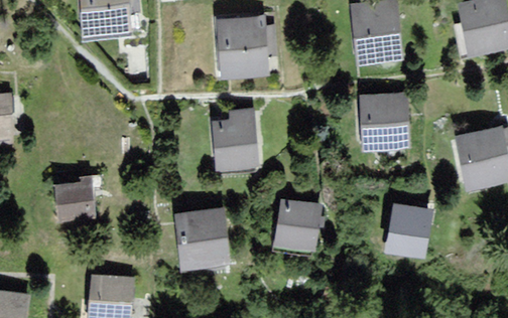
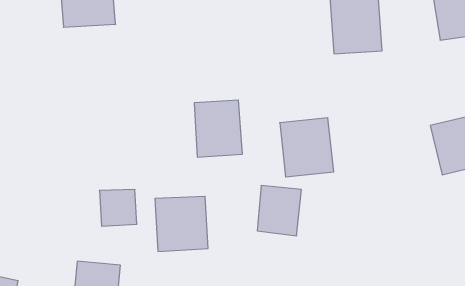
building: [216,18,270,77] -> none
building: [357,92,412,152] -> [280,118,334,177]
building: [52,181,91,218] -> [99,190,137,226]
building: [389,201,437,256] -> none

